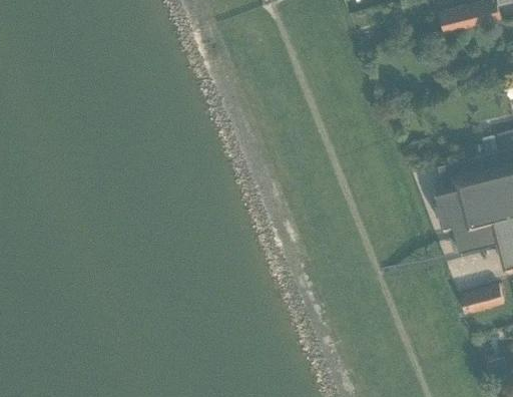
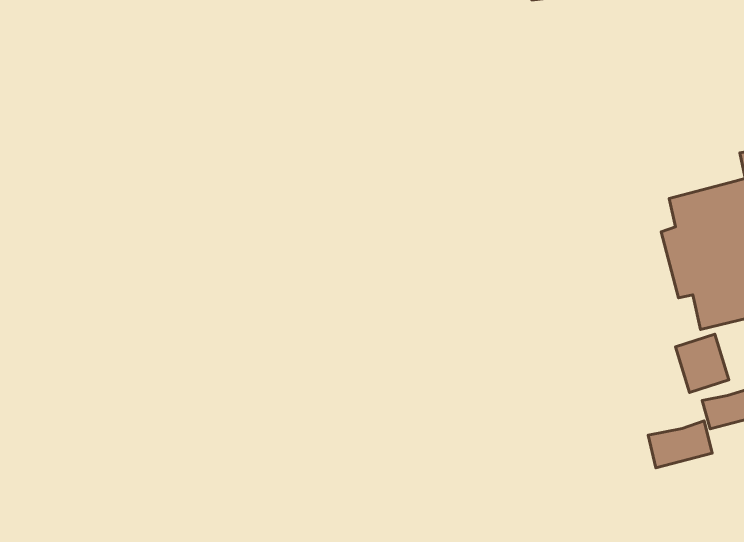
building: none -> [648,421,712,468]

